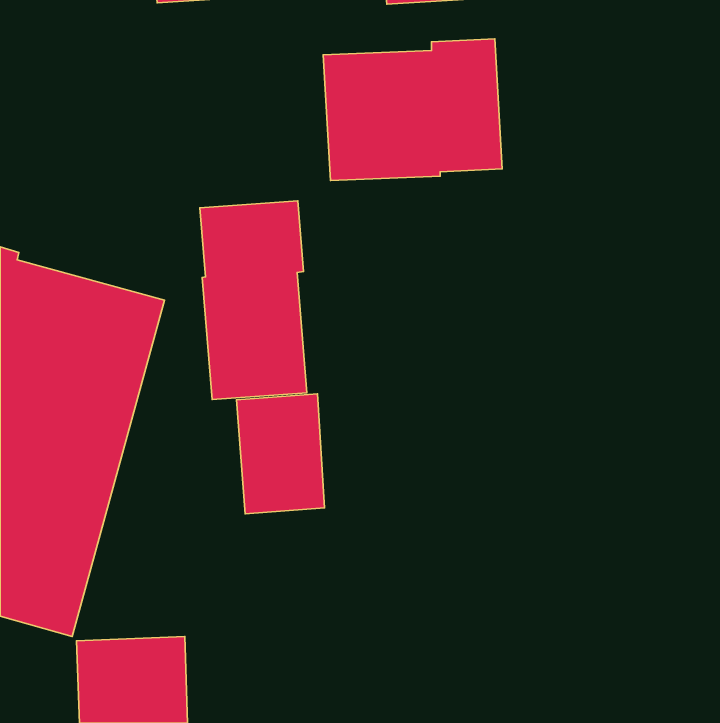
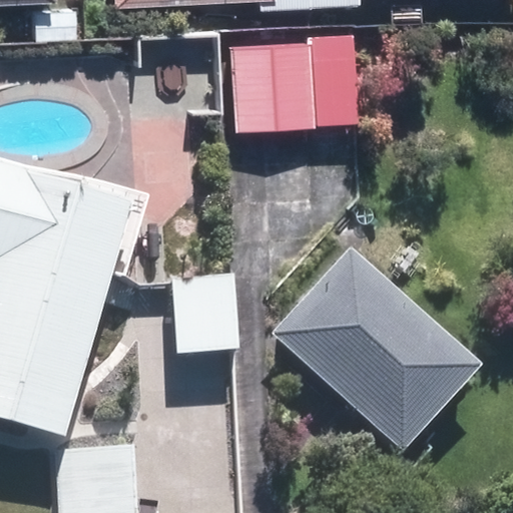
building: [200,201,307,399] -> none
building: none -> [271,250,476,452]

